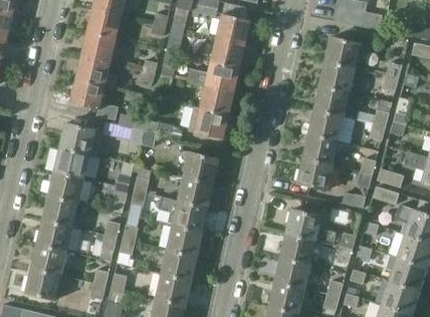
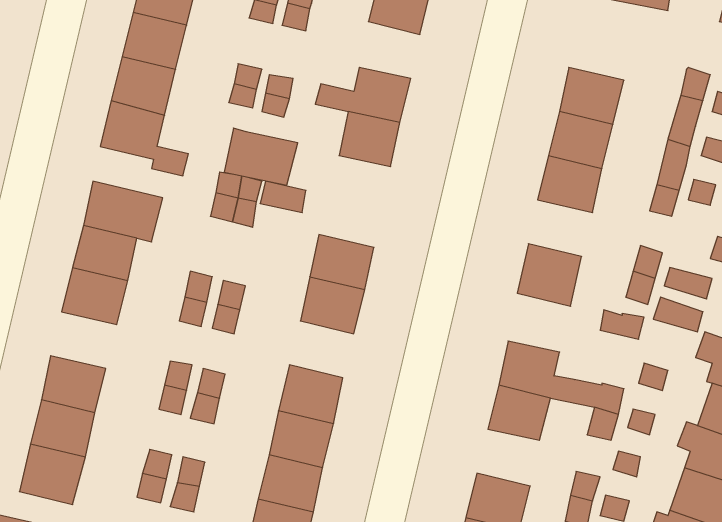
building: [211,35,244,66] -> none
building: [326,36,361,67] -> none
building: [188,106,228,137] -> [224,128,298,185]
building: [303,132,346,166] -> none
building: [42,194,78,225] -> none
building: [159,197,208,230] -> none
building: [275,258,309,289] -> none

